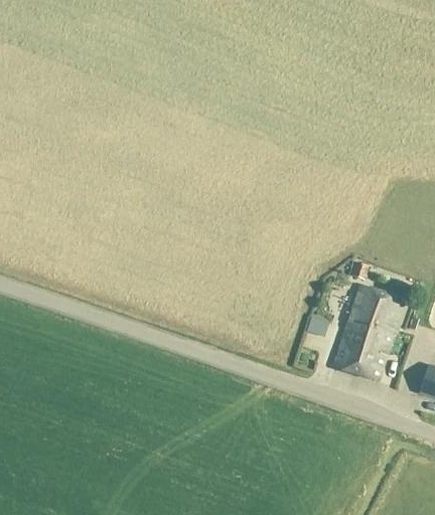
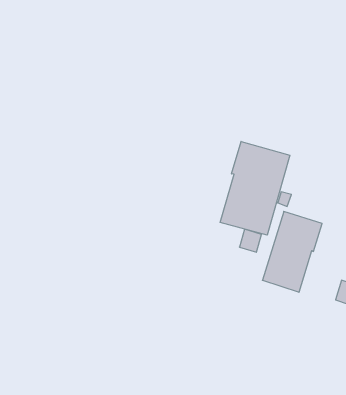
building: none -> [220,141,290,235]

